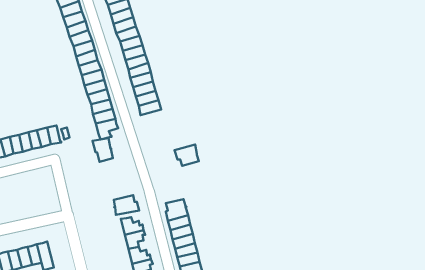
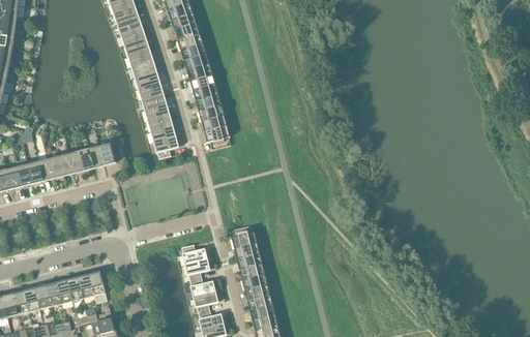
building: [93,138,113,162] -> none
building: [175,144,199,166] -> [203,125,230,149]
building: [114,195,139,215] -> none

